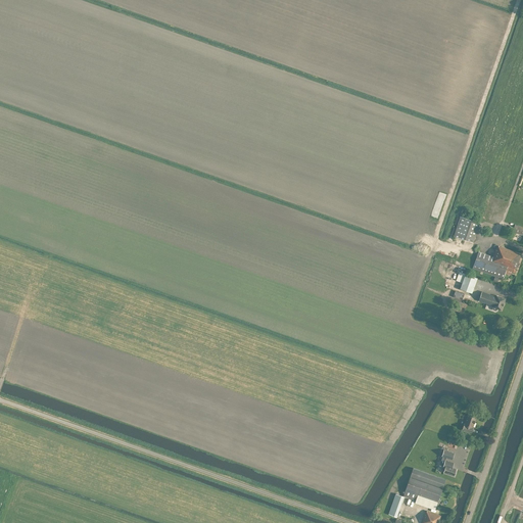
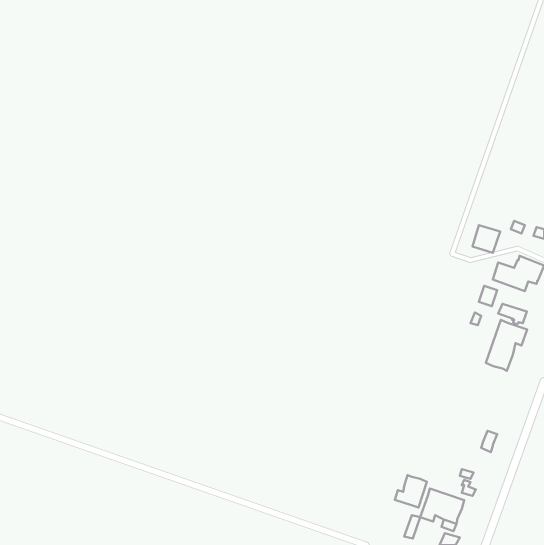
building: none -> [486,320,527,371]
building: none -> [395,475,427,508]

